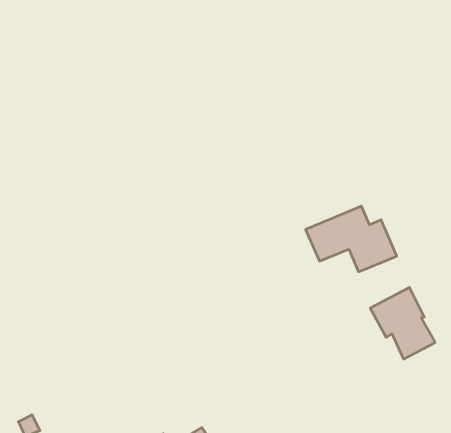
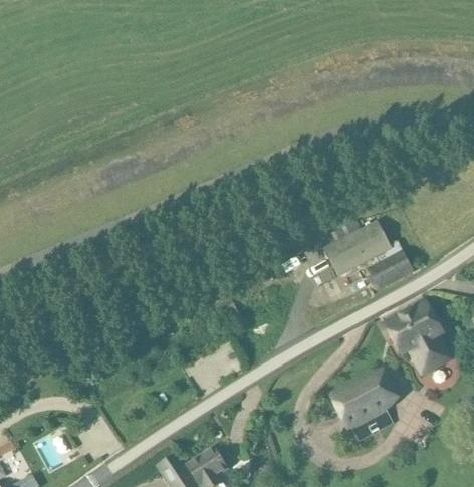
building: none -> [328,370,398,440]

